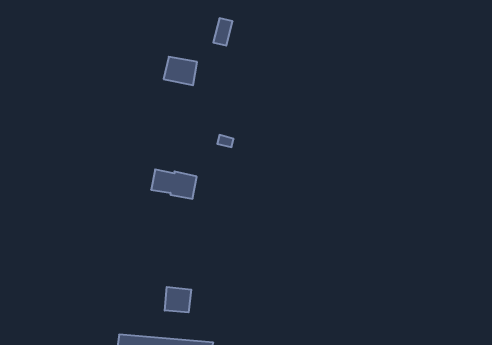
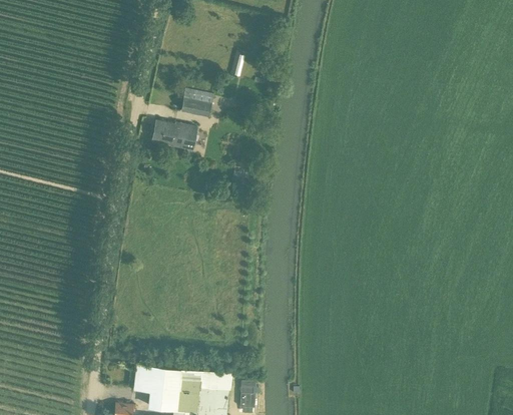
building: [151,169,197,199] -> [151,121,196,150]
building: [165,287,191,312] -> none

